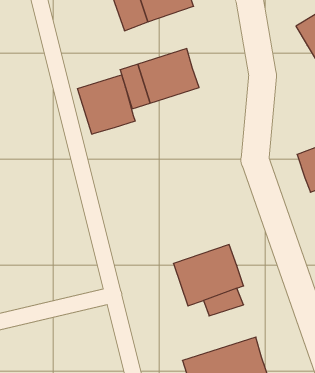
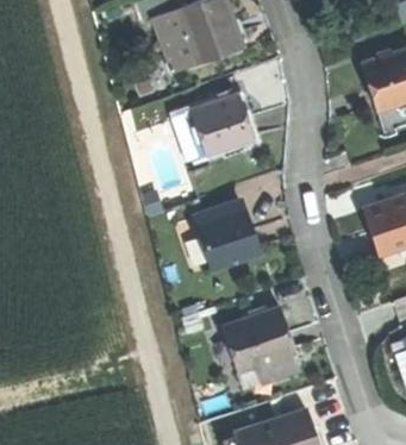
building: [77,75,135,134] -> none
building: none -> [199,211,258,268]

